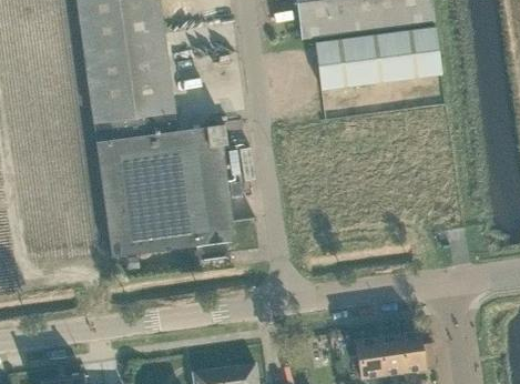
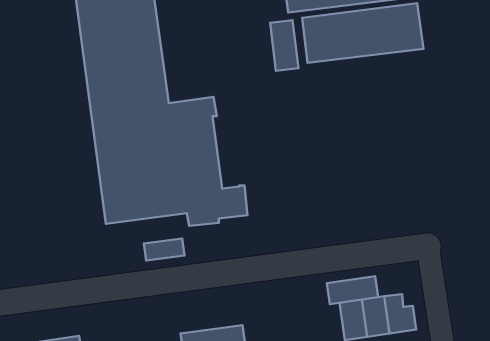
building: none -> [270,20,298,71]
building: none -> [144,238,184,261]
building: none -> [327,276,378,304]

